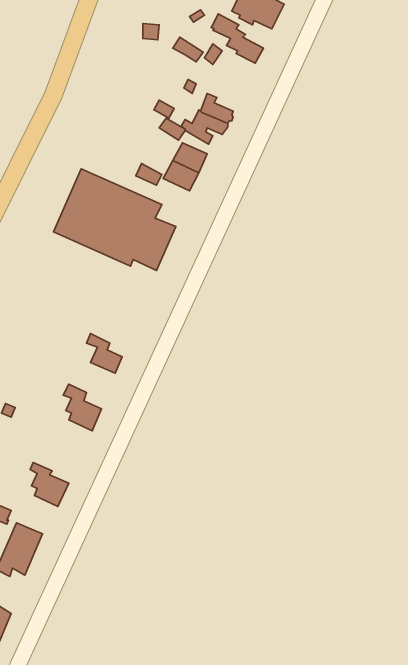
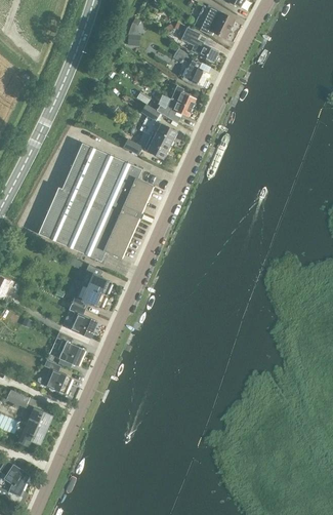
building: none -> [182,60,207,86]
building: none -> [37,188,137,262]
building: none -> [72,286,107,309]
building: none -> [55,332,84,365]

